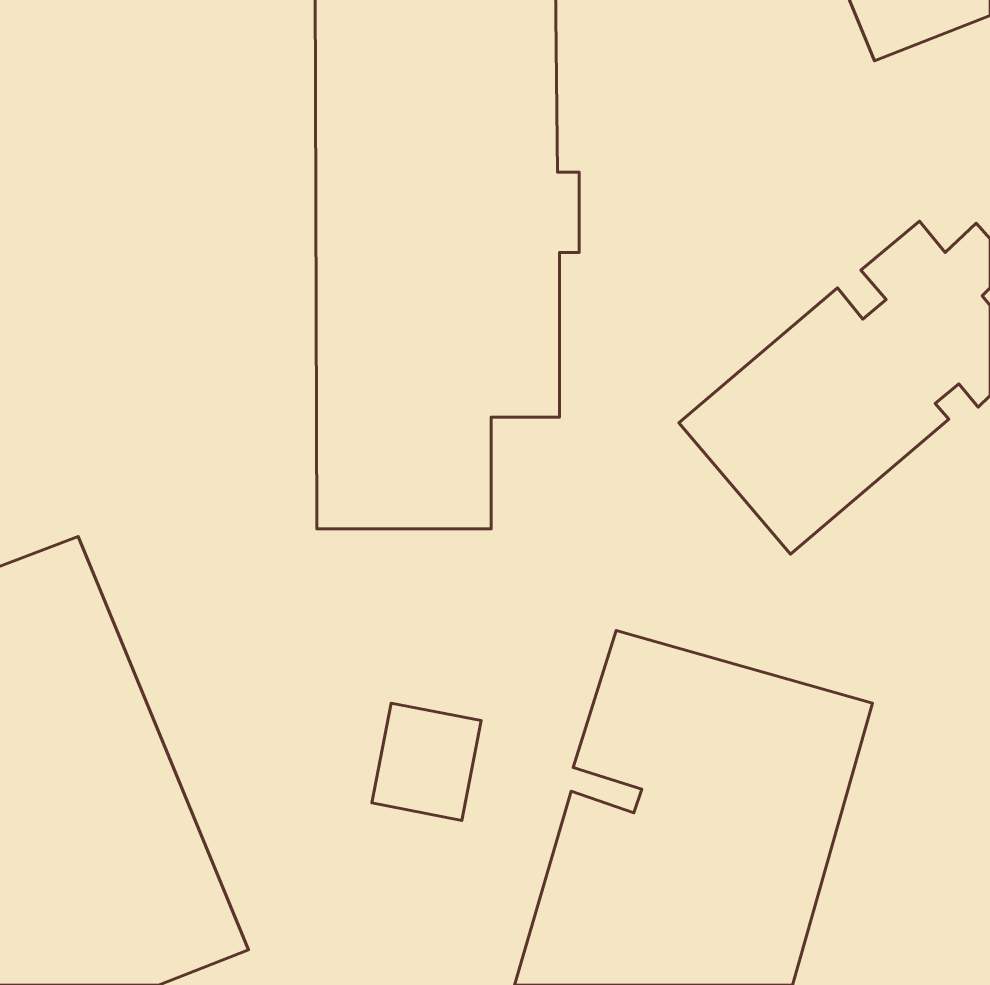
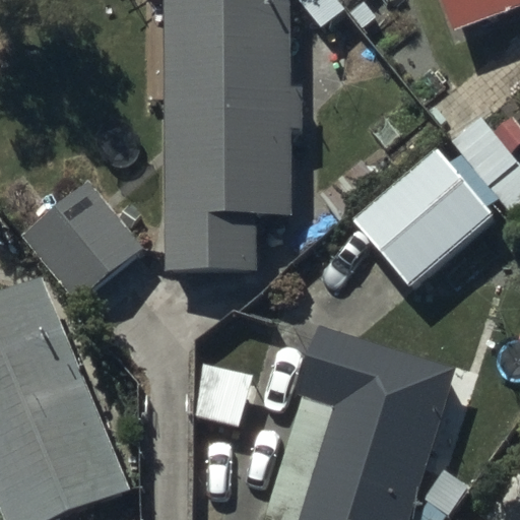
building: none -> [21,181,143,303]

